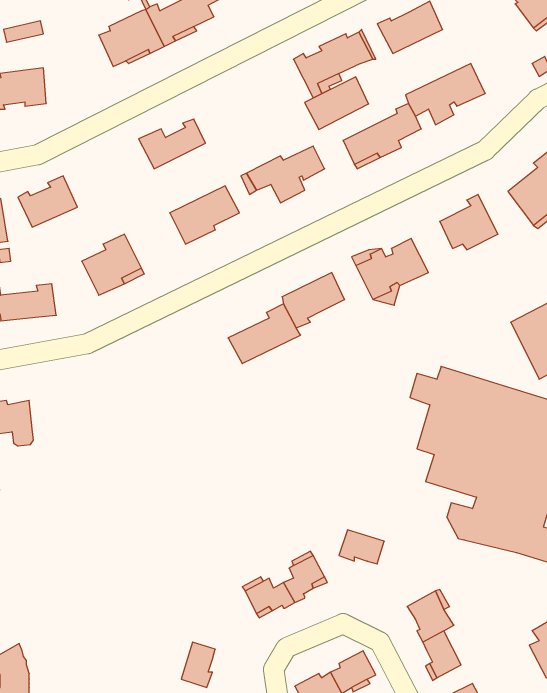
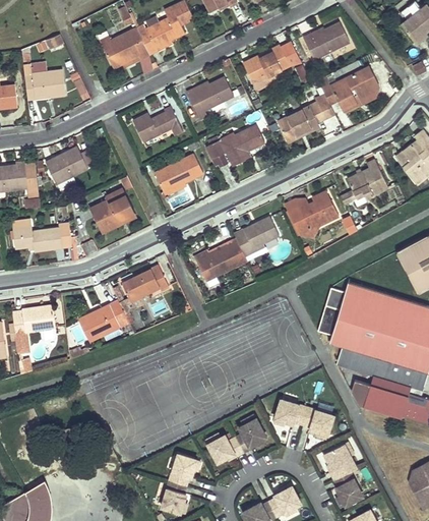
building: [305,77,369,130] -> [187,76,233,114]
building: none -> [121,269,169,301]
building: none -> [77,299,128,341]
building: none -> [302,408,333,435]
building: none -> [170,454,196,485]

